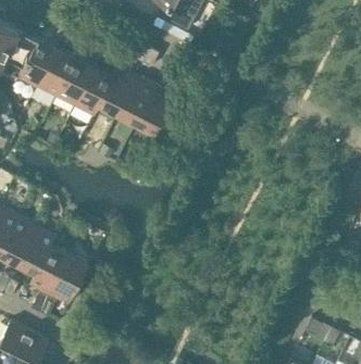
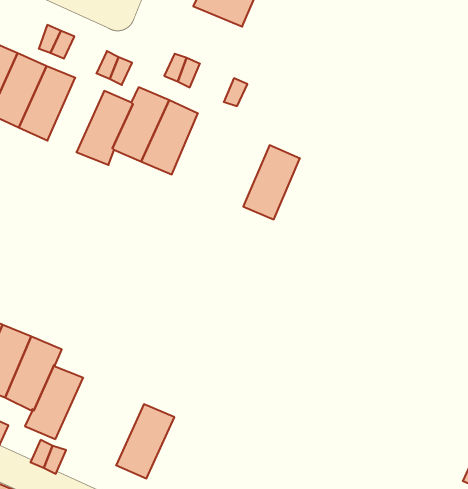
building: [55,59,95,108] -> none
building: [136,87,175,136] -> [243,145,300,219]
building: [49,256,89,305] -> [116,404,174,478]

